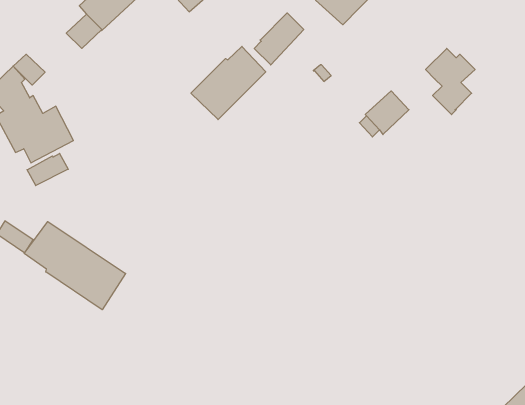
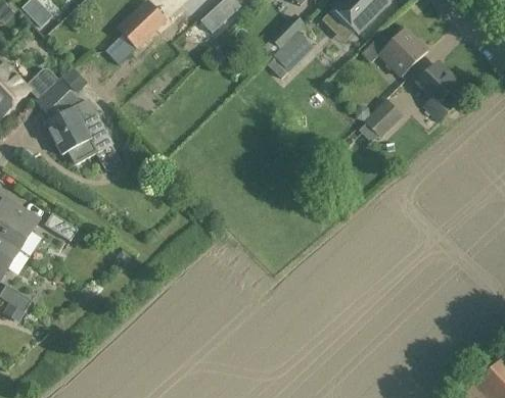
building: none -> [361,27,427,76]
building: [191,46,266,120] -> none
building: [27,153,68,186] -> none
building: [24,222,126,310] -> none

